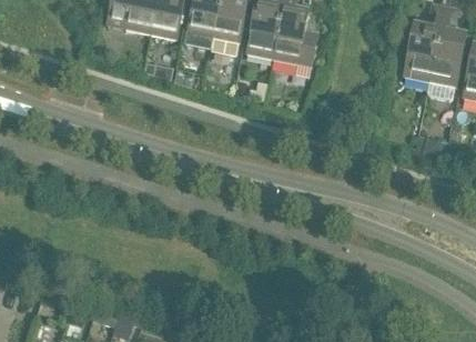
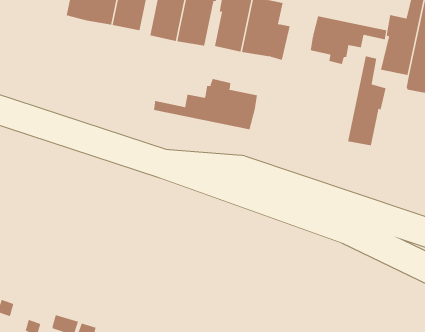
building: none -> [310,16,387,65]
building: none -> [348,55,386,146]
building: none -> [154,78,257,130]

